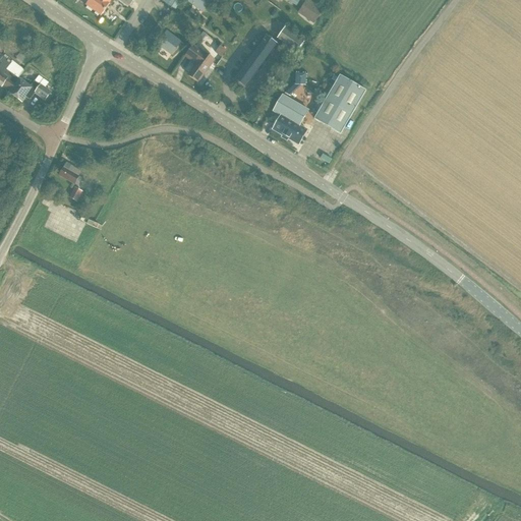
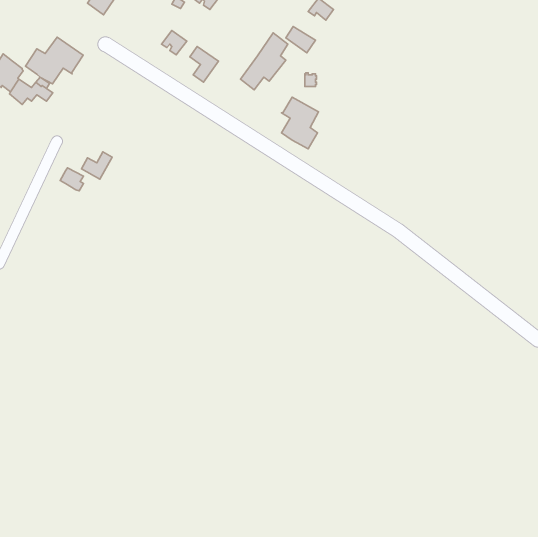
building: none -> [25,37,83,84]
building: [313,73,365,132] -> none
building: none -> [81,152,112,179]

